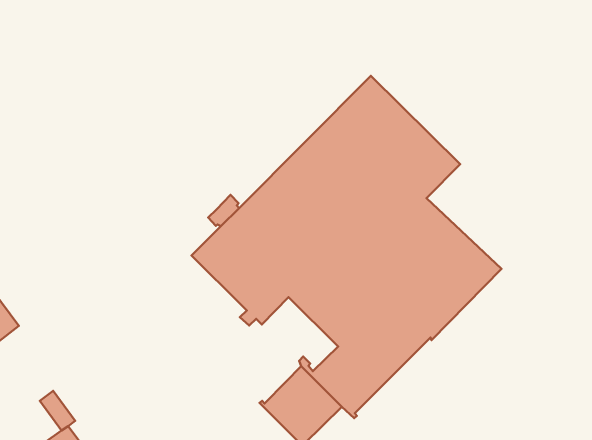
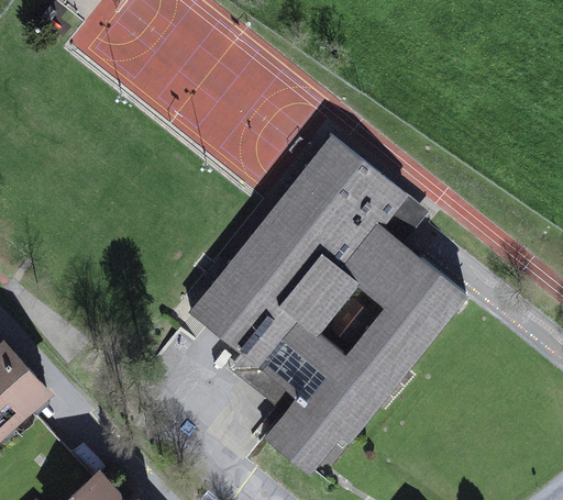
building: none -> [230,340,330,414]

